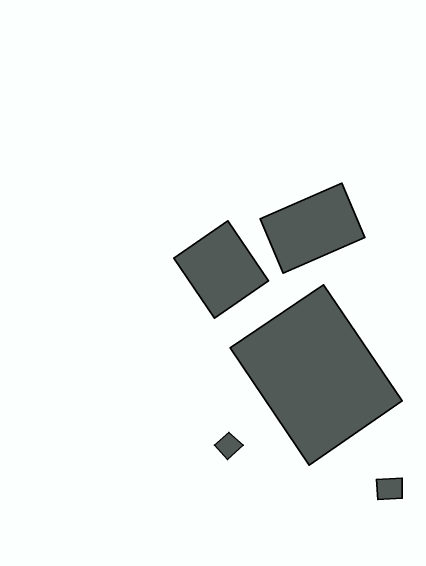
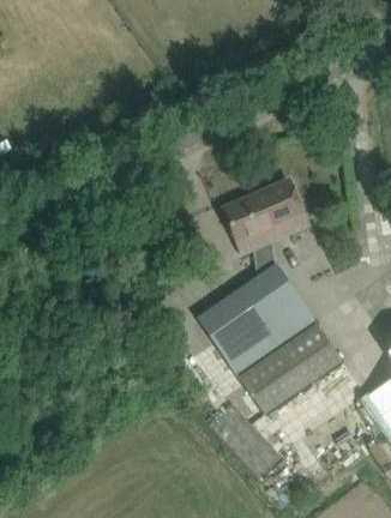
building: [174,221,269,318] -> none

